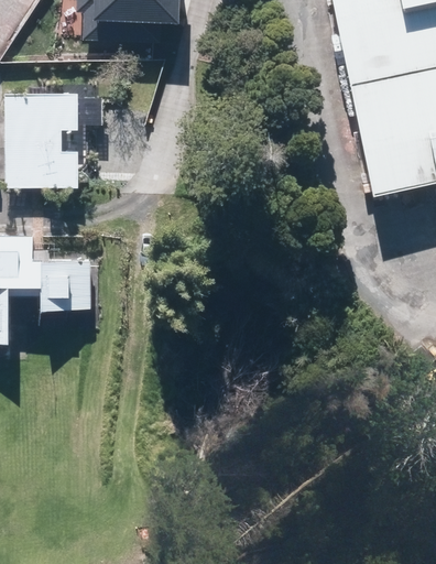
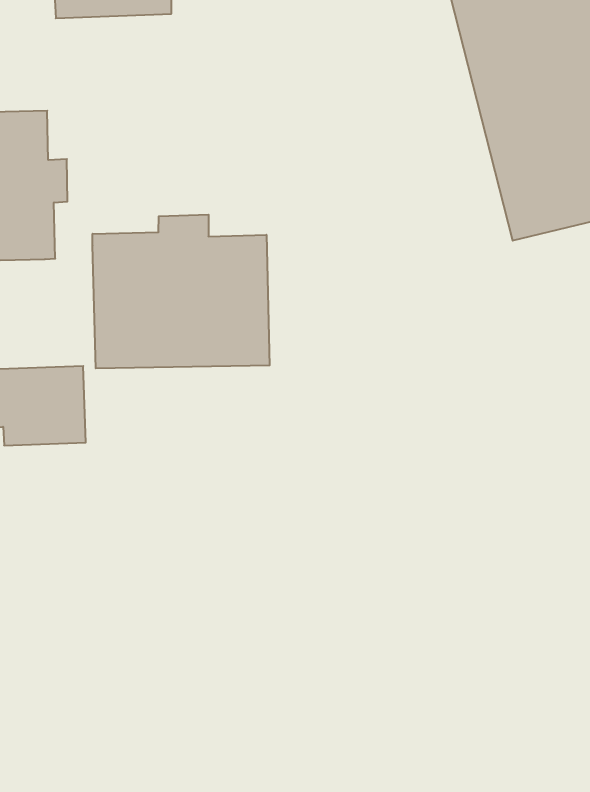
building: none -> [93,215,270,368]

